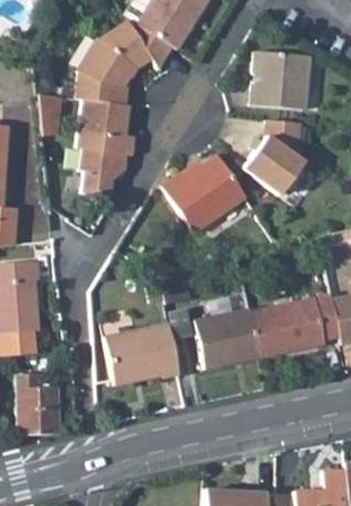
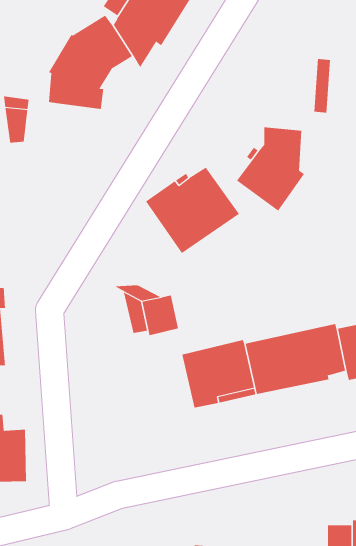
building: [251,51,309,110] -> none
building: [76,100,134,196] -> none
building: [104,323,180,386] -> none

